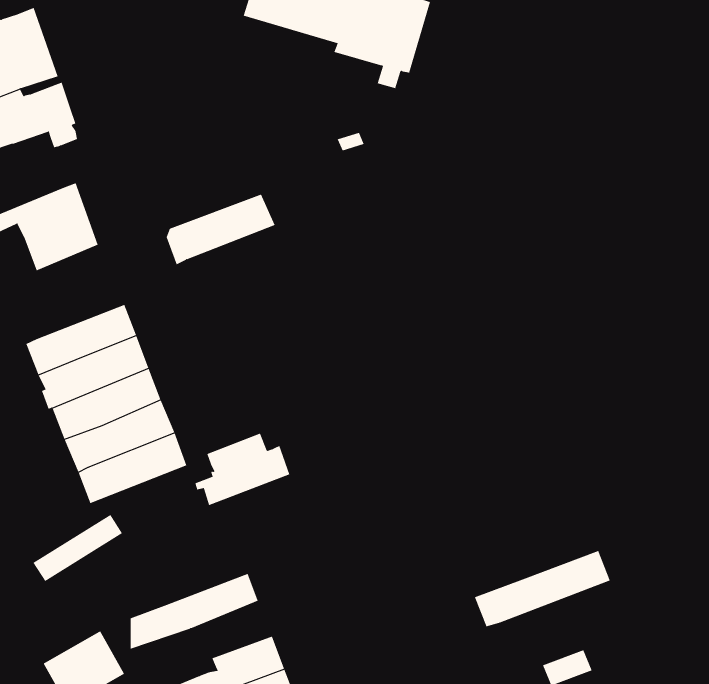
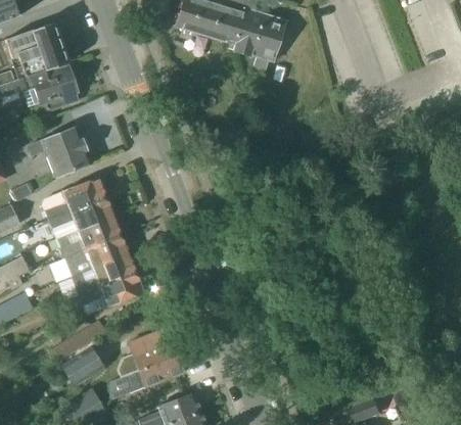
building: [166,194,275,265] -> [42,178,106,220]
building: [194,433,290,506] -> [123,330,179,373]
building: [474,550,611,627] -> none
building: none -> [61,346,104,386]

